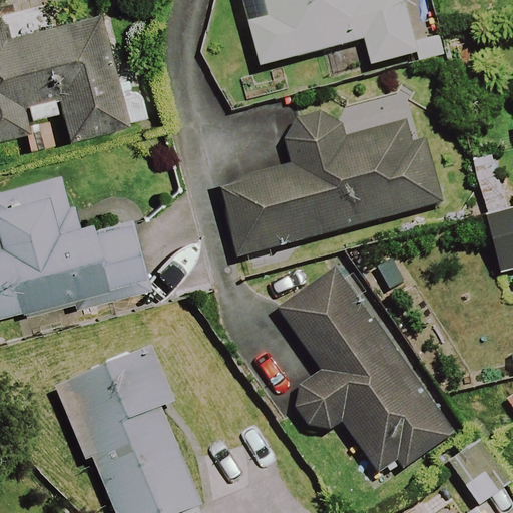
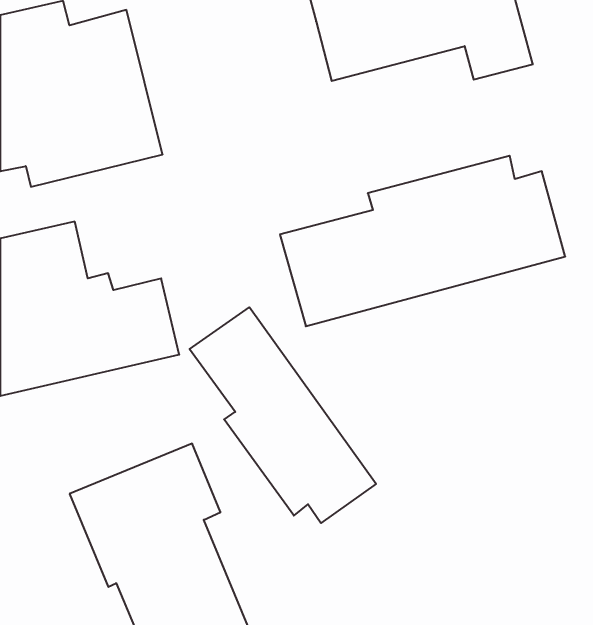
building: none -> [190,307,376,523]
building: [280,269,454,480] -> none

